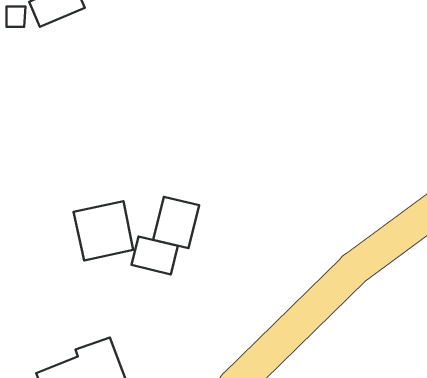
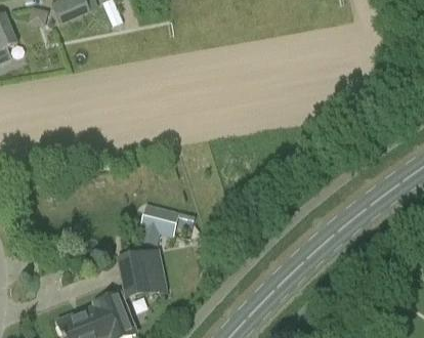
building: [153,197,199,248] -> none
building: [74,201,133,261] -> [116,249,167,300]

